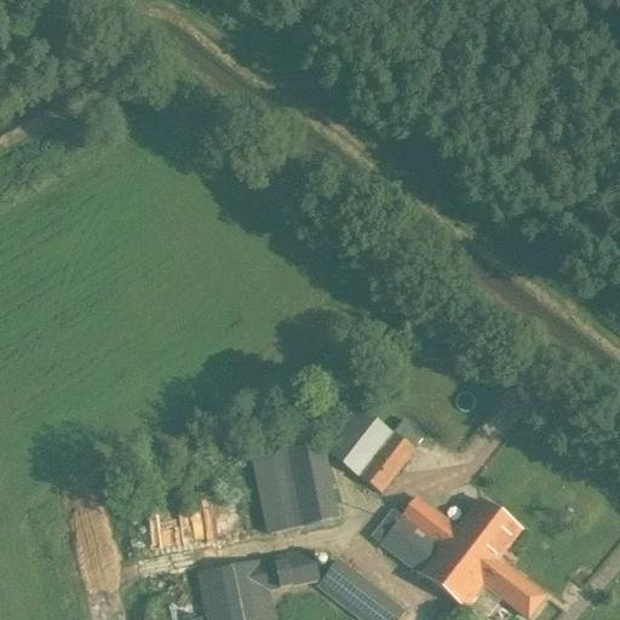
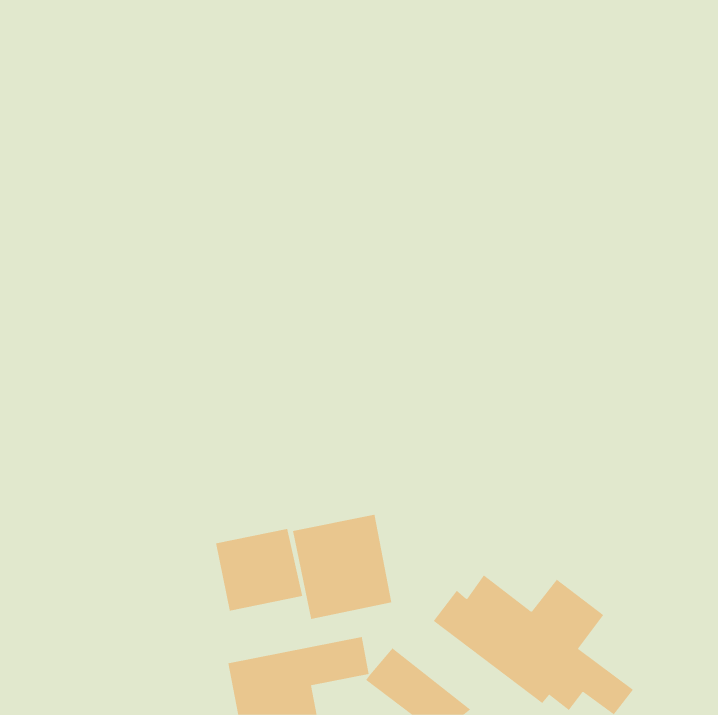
building: [326,406,415,492] -> none
building: none -> [215,528,303,612]

